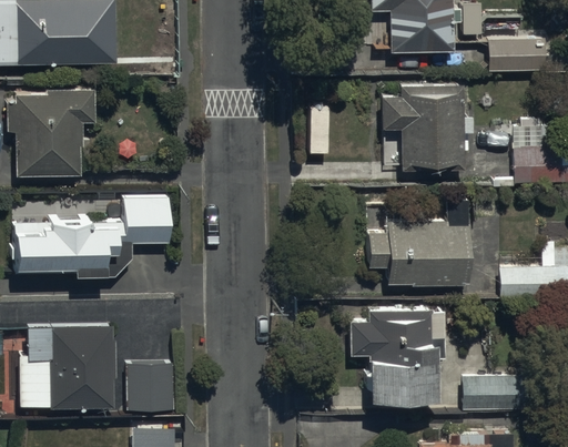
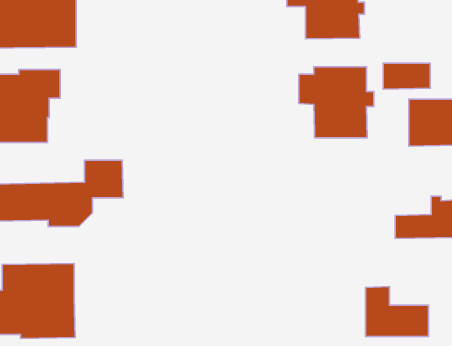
building: [489,39,546,70] -> [383,63,430,89]
building: [366,197,468,286] -> none
building: [349,308,445,404] -> none
building: [128,360,174,410] -> none

